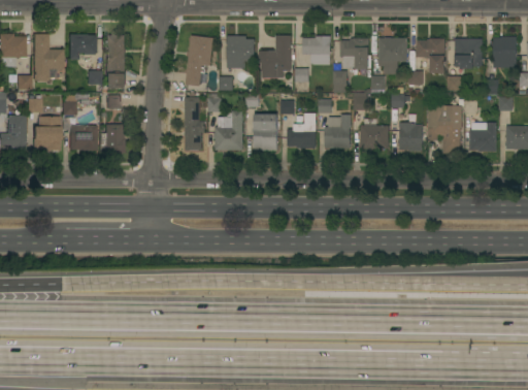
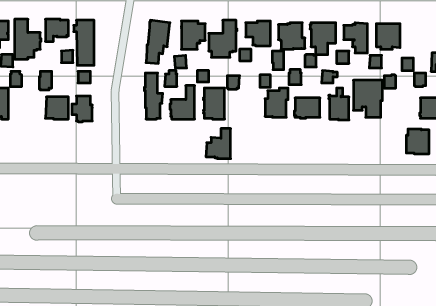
building: [492,36,517,68] -> none
building: [287,113,316,149] -> [206,129,231,159]
building: [32,117,59,152] -> none
building: [469,123,496,152] -> [406,129,429,154]

